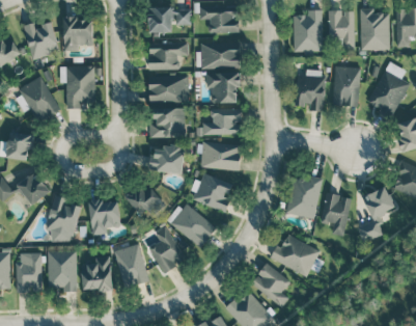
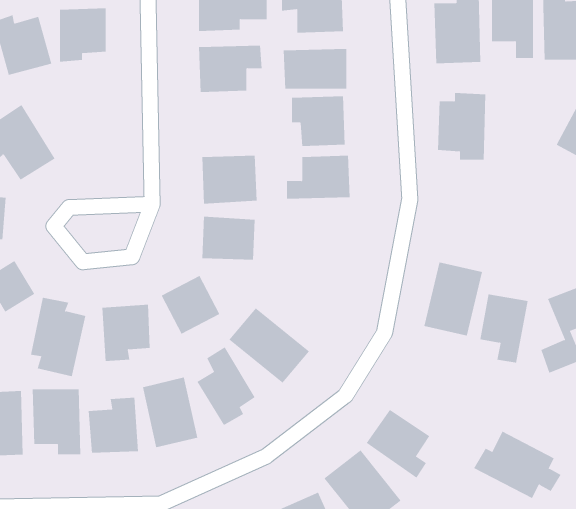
building: [59,65,94,107] -> none
building: [332,66,360,107] -> none
building: [148,75,188,102] -> none
building: [200,142,240,169] -> none
building: [189,173,234,212] -> none
building: [270,235,324,276] -> [473,431,561,499]

